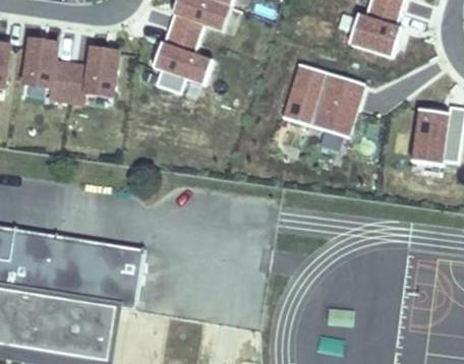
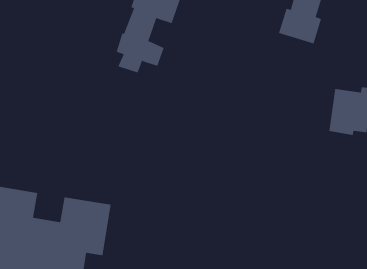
building: [22,40,118,104] -> none
building: [281,64,363,138] -> none
building: [58,235,94,269] -> none

